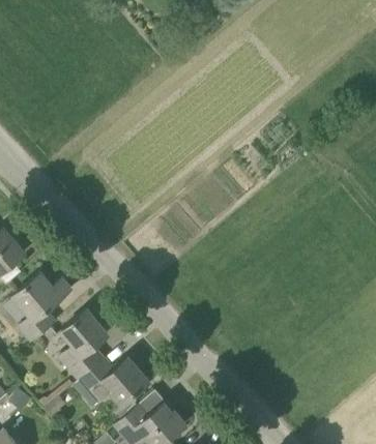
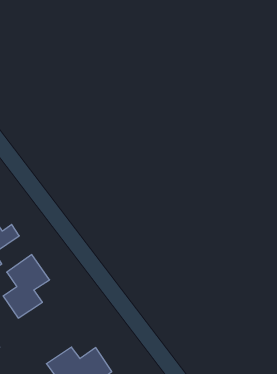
building: [73,358,148,408] -> none

